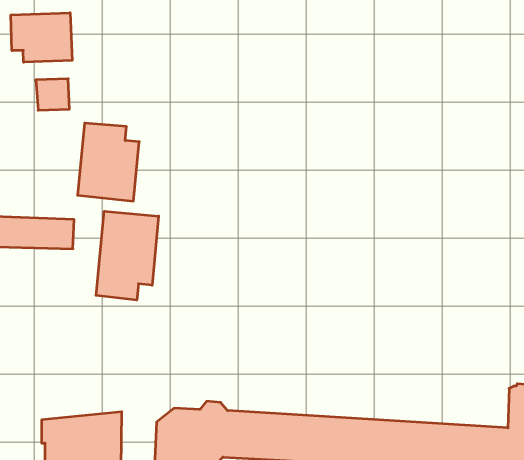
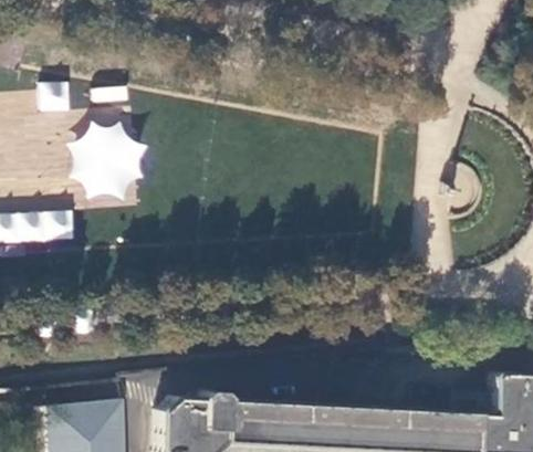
building: [11,13,72,62] -> none
building: [96,211,159,300] -> none

